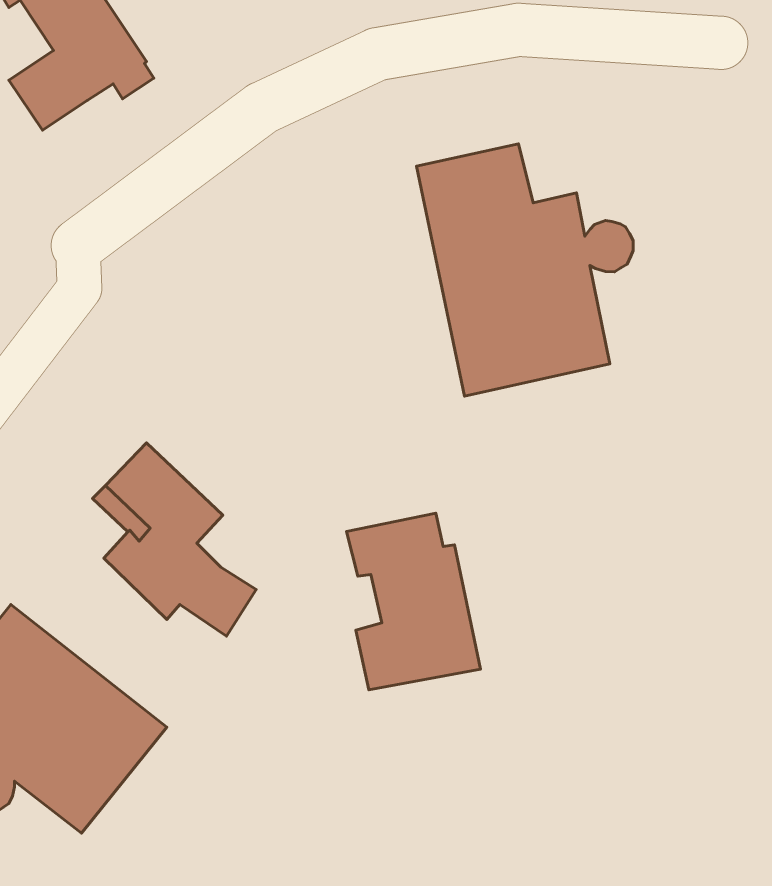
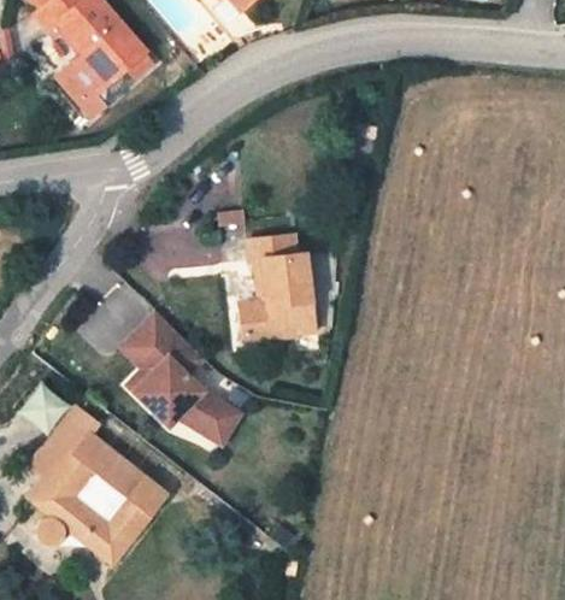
building: [417,144,633,396] -> none
building: [347,513,480,690] -> [224,236,311,351]

